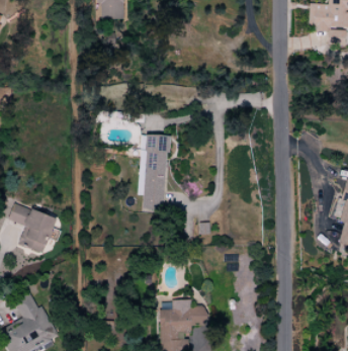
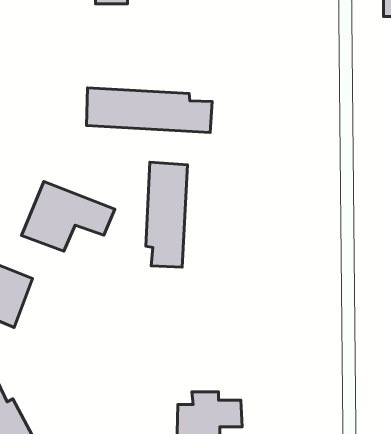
building: none -> [86,88,212,132]
building: none -> [22,181,115,251]

